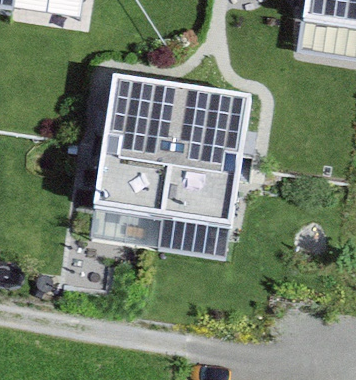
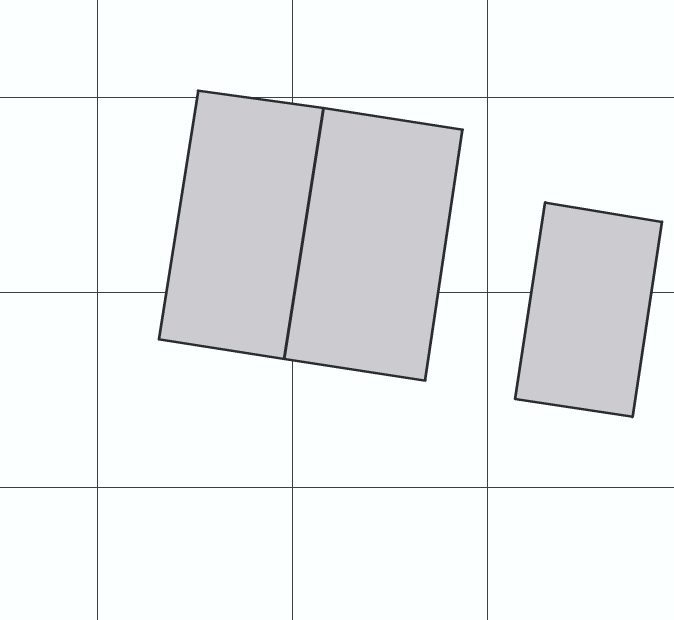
building: none -> [515,202,662,417]

